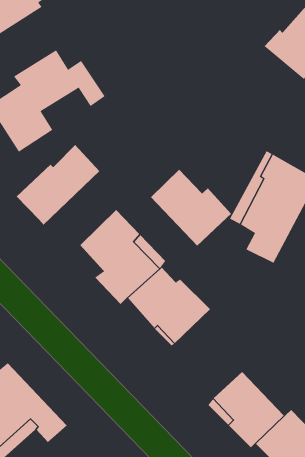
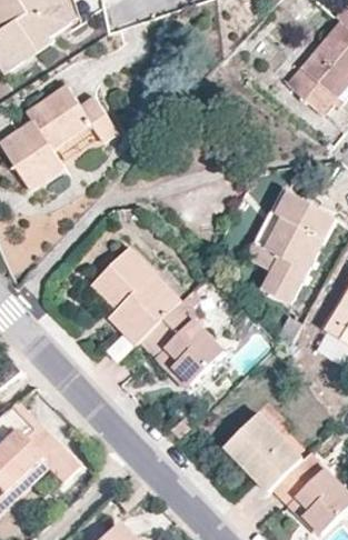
building: [16,144,100,225] -> none
building: [150,169,232,246] -> none

